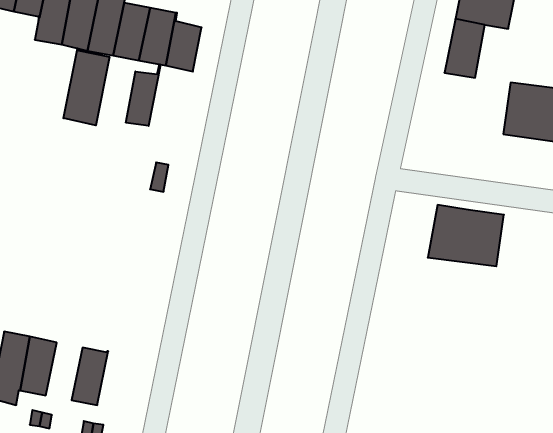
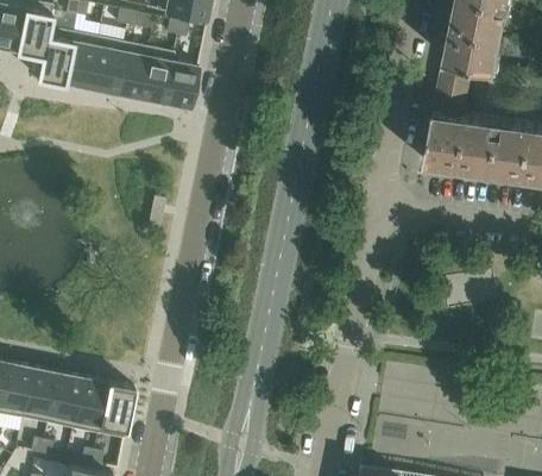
building: [63,48,110,125] -> none
building: [126,64,160,126] -> none
building: [428,205,504,266] -> [423,113,497,173]
building: none -> [46,375,82,431]
building: none -> [96,383,133,441]

